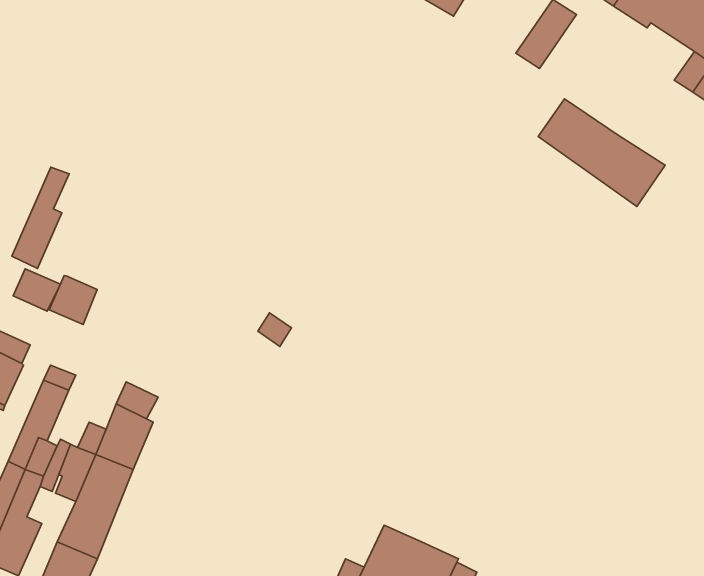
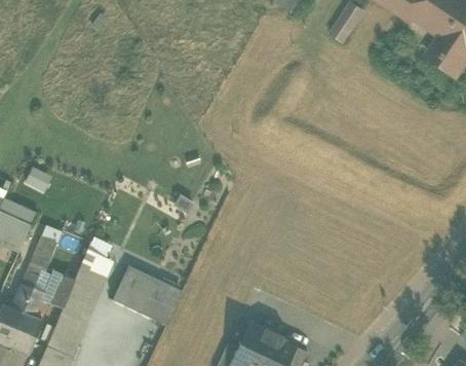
building: [538,99,665,206] -> none
building: [12,167,69,268] -> none
building: [49,276,97,325] -> none
building: none -> [111,267,180,324]

